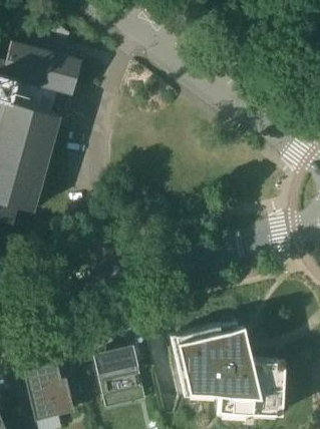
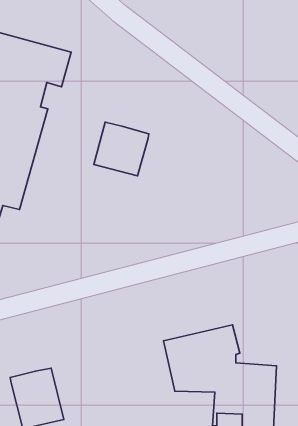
building: none -> [94,122,149,176]
building: [97,355,146,408] -> none

